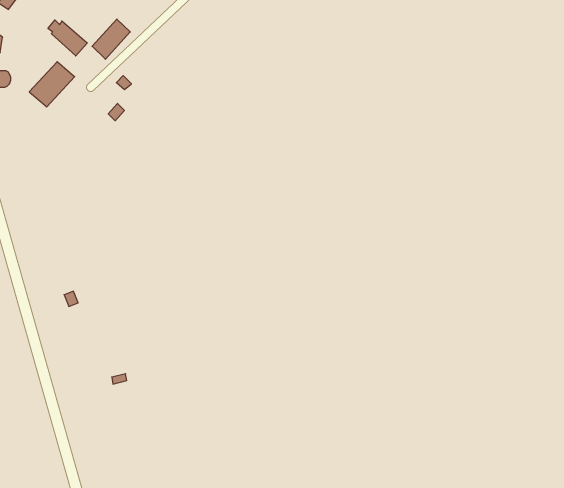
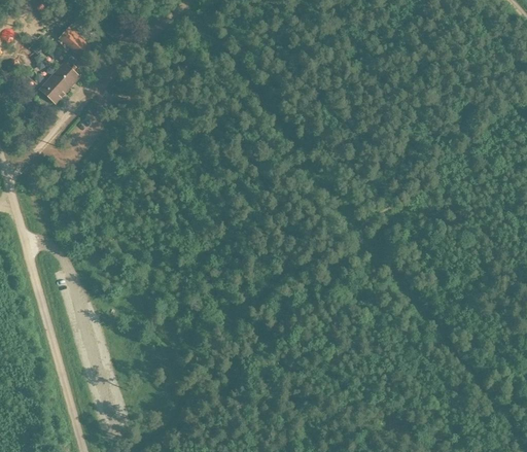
building: [92,19,130,59] -> none

